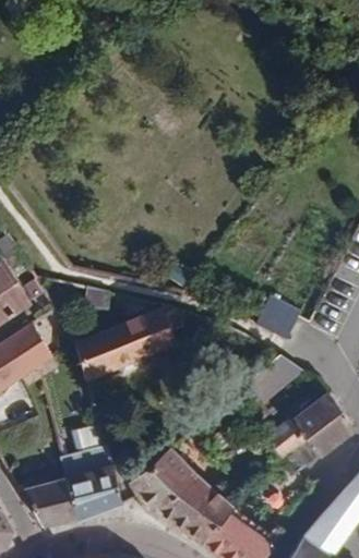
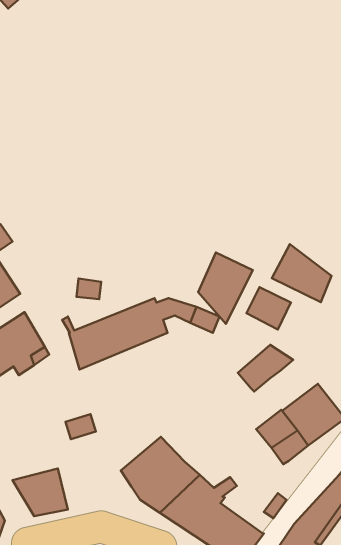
building: none -> [272,244,331,302]
building: none -> [198,252,253,324]
building: [60,444,122,521] -> none

